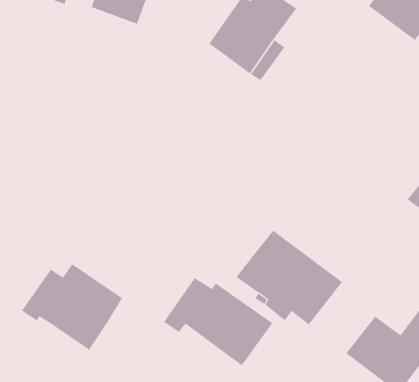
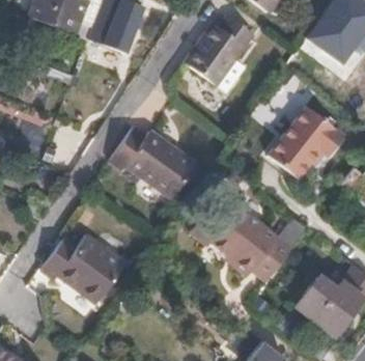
building: none -> [268,106,343,178]
building: [163,278,273,366] -> [113,133,198,201]

